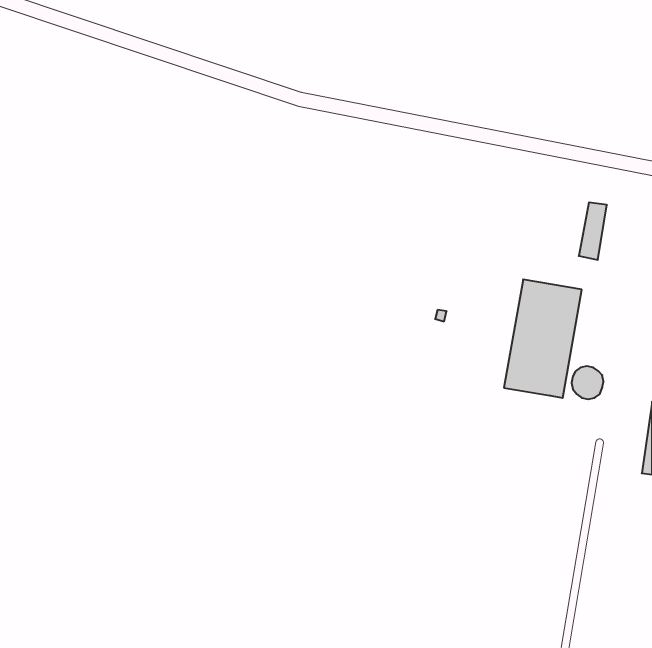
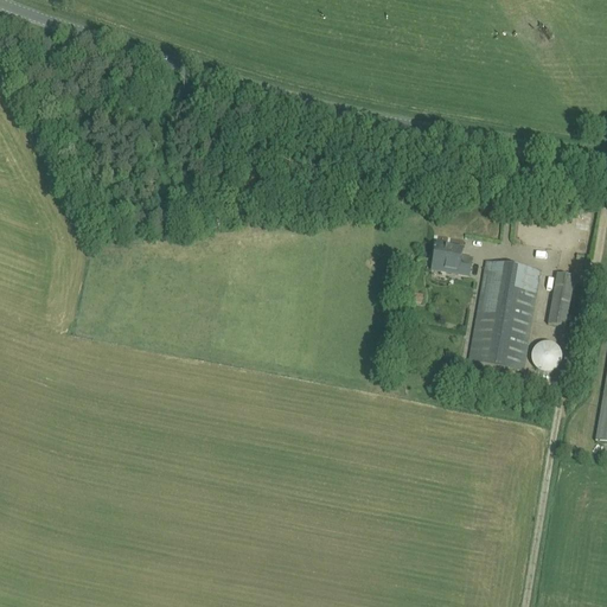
building: [579,202,607,260] -> [548,273,574,326]
building: none -> [433,241,472,275]

